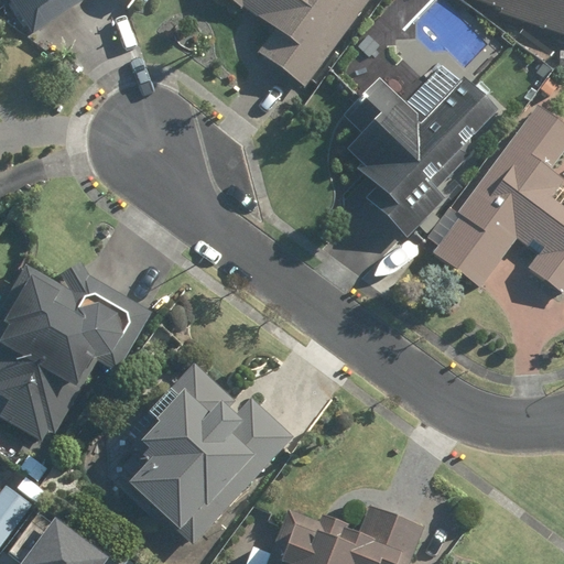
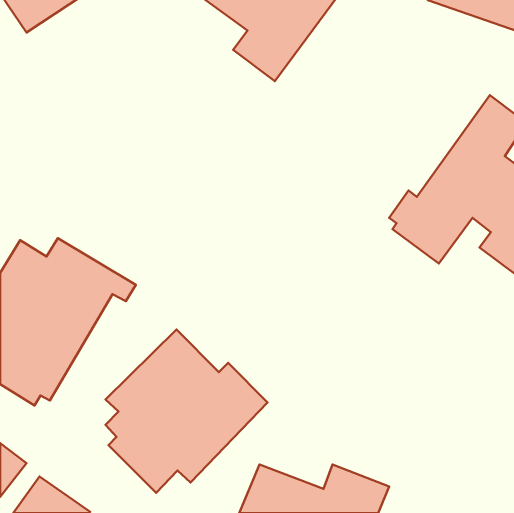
building: [343,62,498,247] -> none

